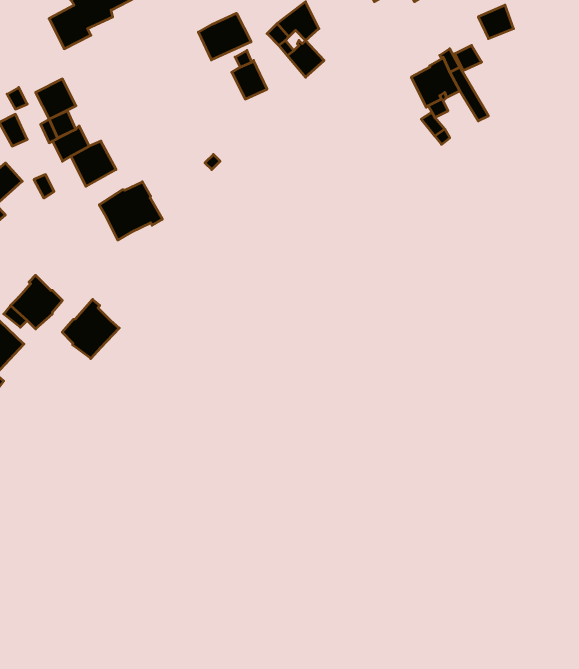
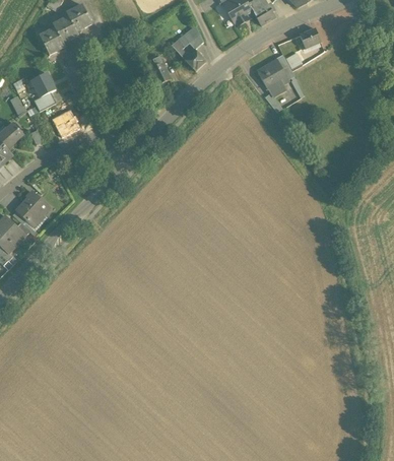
building: [198,13,251,60] -> none
building: [99,182,162,240] -> none
building: [62,299,119,359] -> none

